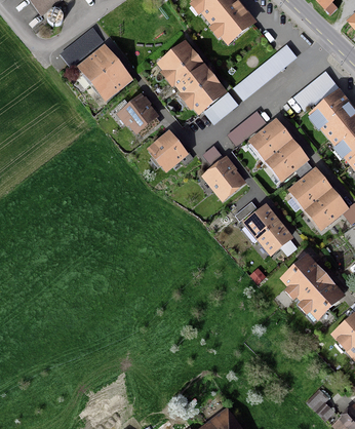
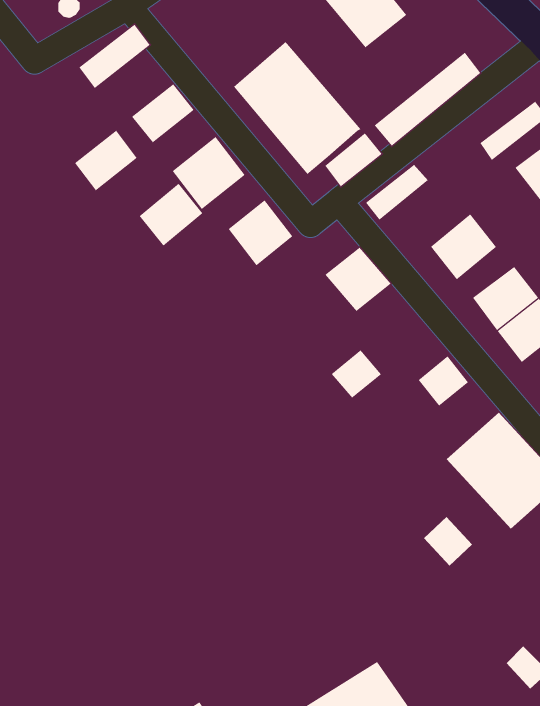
building: [79,47,116,83] -> [74,130,138,191]
building: none -> [139,183,203,247]
building: [251,122,289,159] -> none
building: [246,208,276,237] -> [331,349,382,399]
building: none -> [423,516,473,567]

